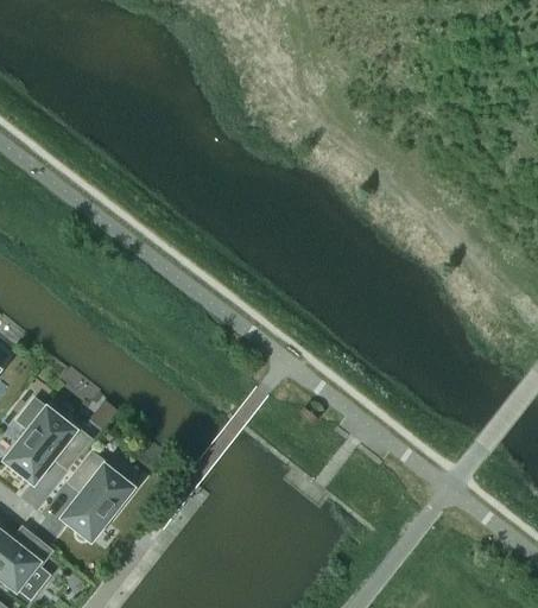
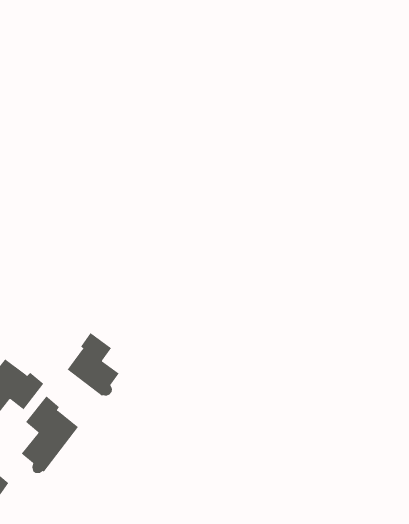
building: none -> [67,332,120,397]

